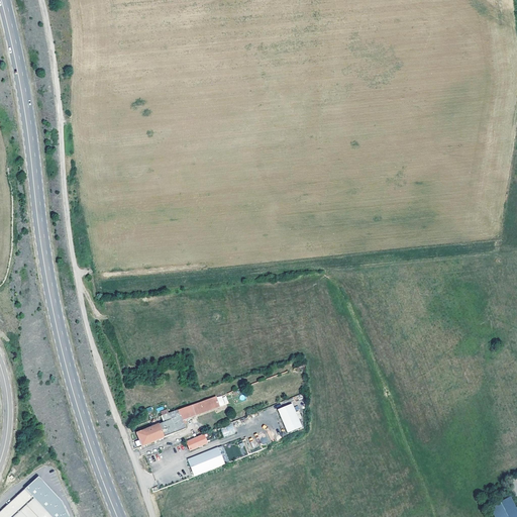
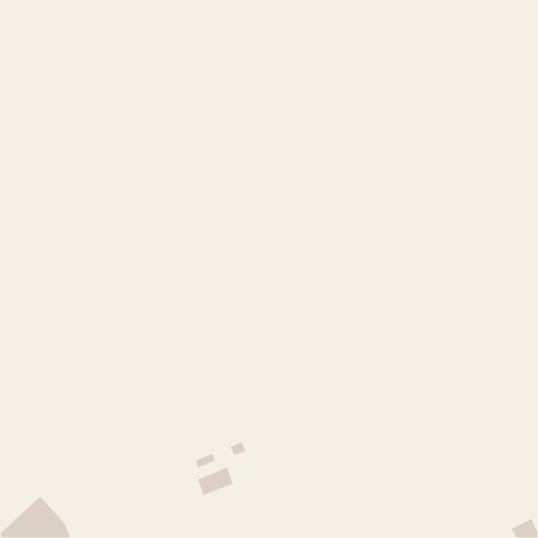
building: [136,396,220,446] -> none
building: [278,403,302,433] -> none

